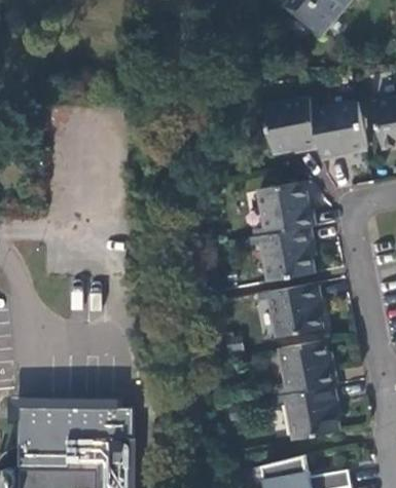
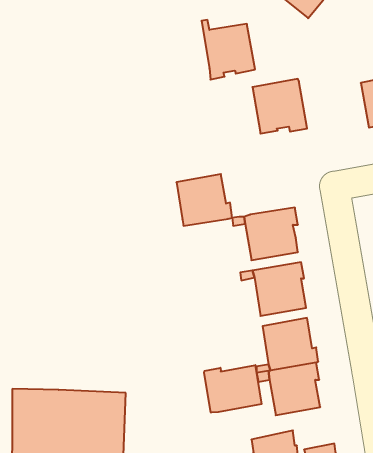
building: [313,98,367,158] -> [201,20,255,80]
building: [256,182,313,234] -> [176,174,232,226]
building: none -> [204,365,262,413]

